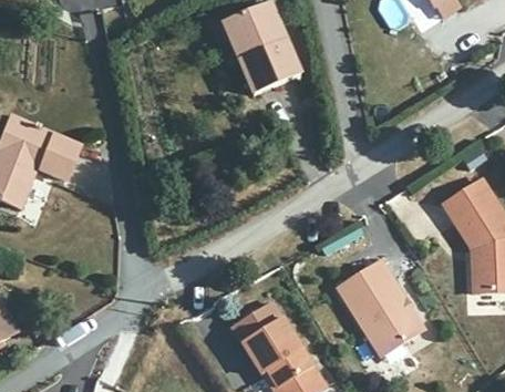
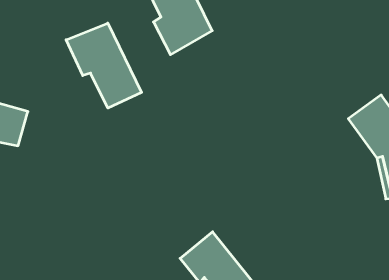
building: none -> [66,23,142,108]
building: [331,251,416,345] -> none

